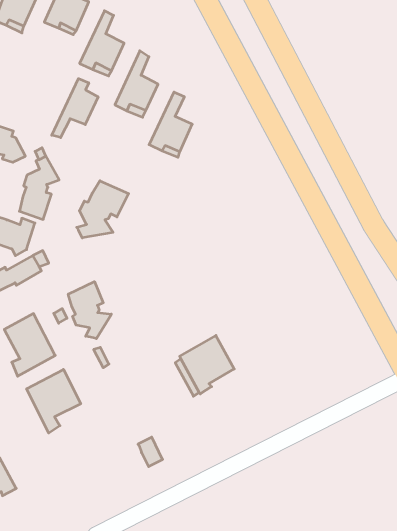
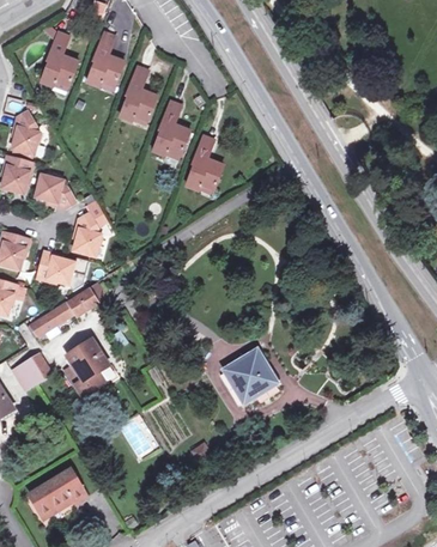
building: [52,79,98,138] -> none
building: [77,181,129,238] -> none
building: [68,282,111,339] -> none
building: [27,369,81,433] -> none

